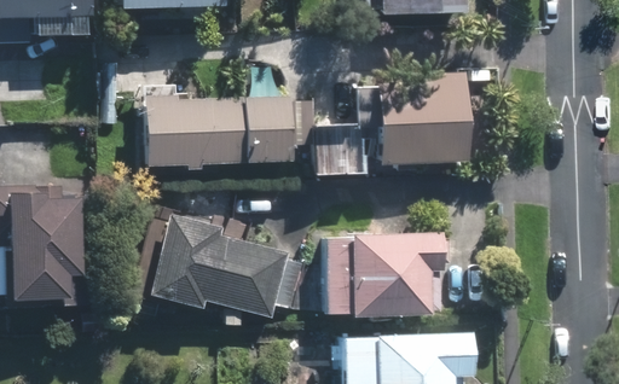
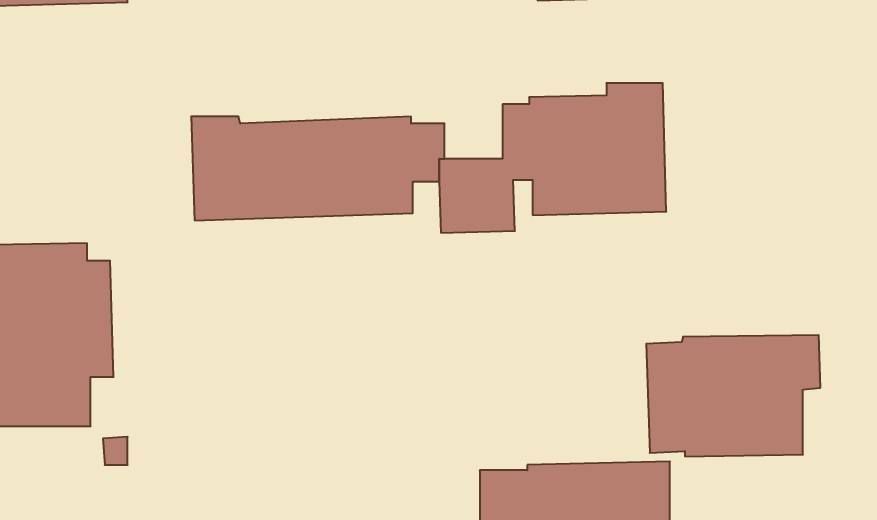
building: [151,213,310,319] -> none
building: [322,233,441,316] -> [646,335,820,456]

